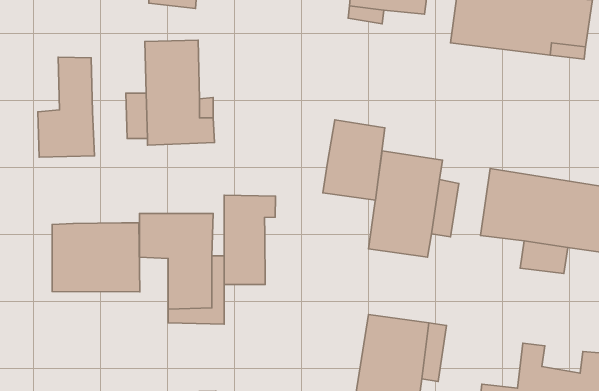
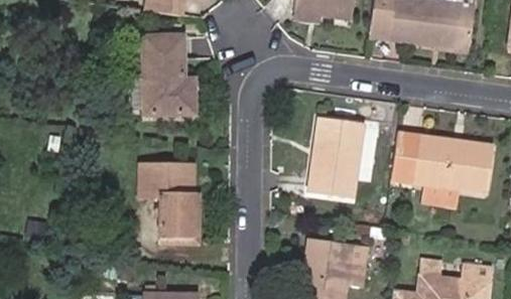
building: [38,57,95,157] -> none
building: [323,120,385,200] -> none
building: [224,195,276,284] -> none
building: [52,223,140,292] -> none

